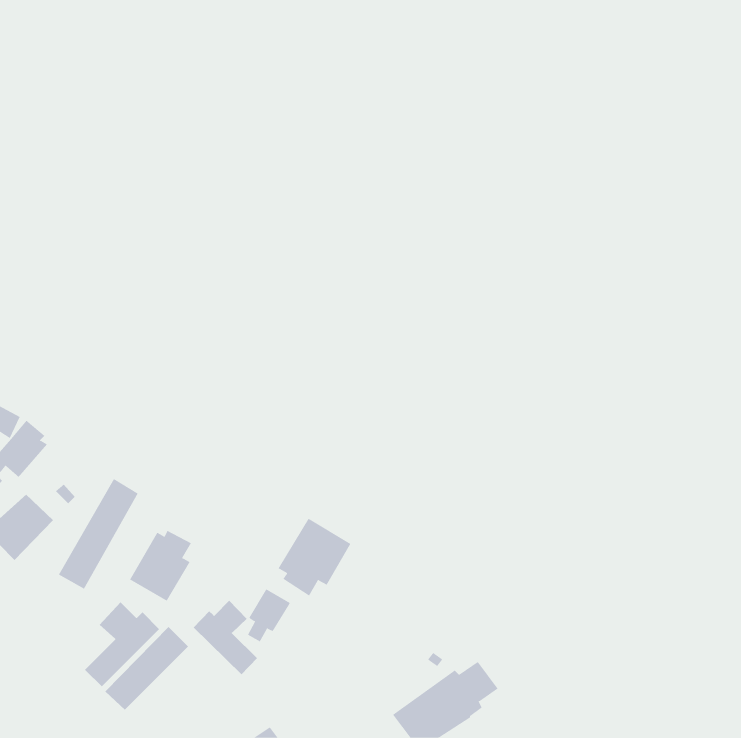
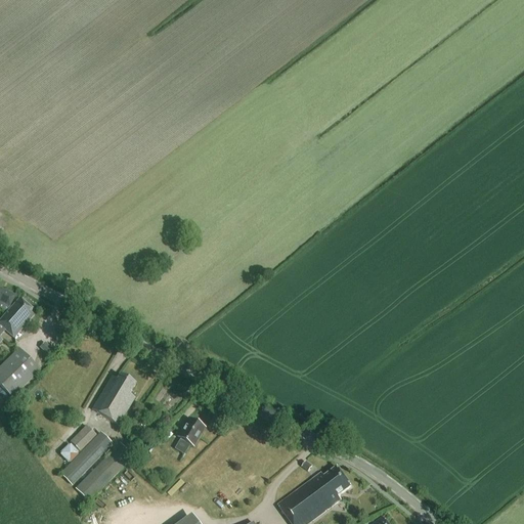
building: [58,478,138,589] -> none
building: [278,518,351,596] -> none
building: [193,600,258,675] -> none

